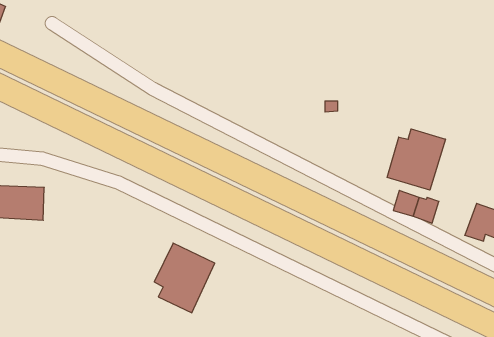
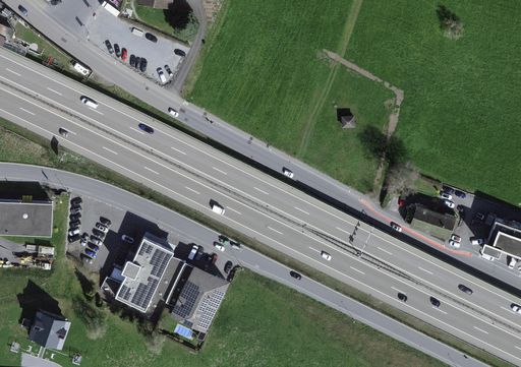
building: [387,129,445,190] -> none
building: none -> [113,236,172,310]
building: none -> [27,312,67,347]

